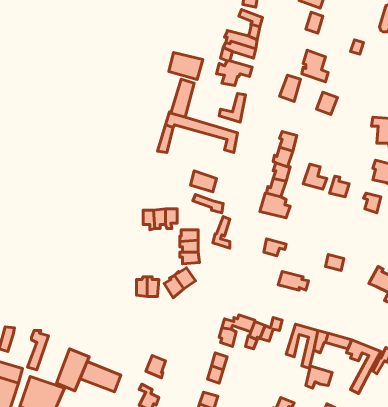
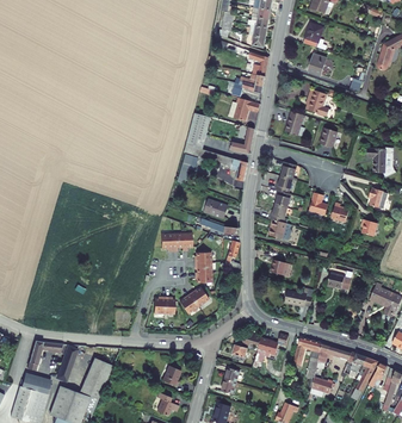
building: [169,52,203,80] -> none
building: [80,362,121,392] -> none

